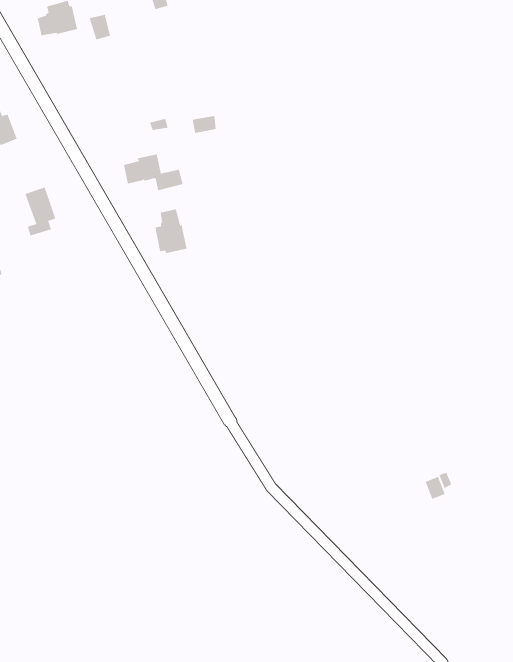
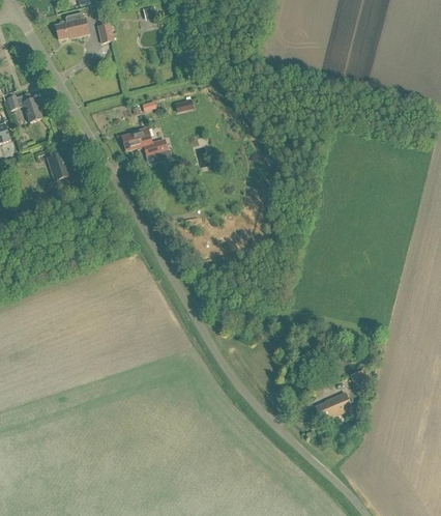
building: [155,208,187,254] -> none
building: none -> [318,395,348,419]

